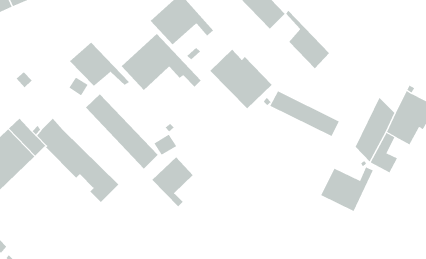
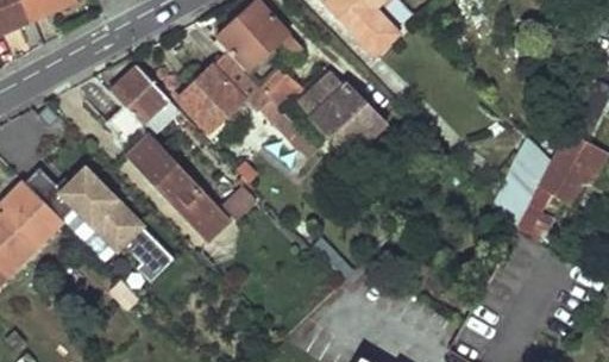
building: [286,10,330,69] -> none
building: [270,90,339,137] -> none
building: [151,157,193,207] -> none
building: [321,167,374,212] -> none

